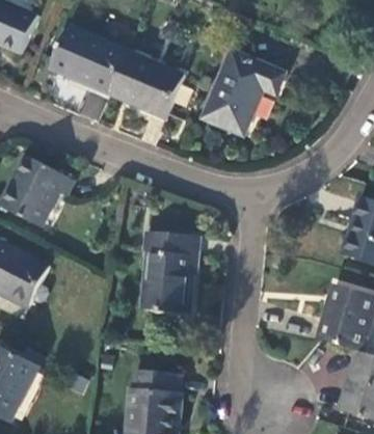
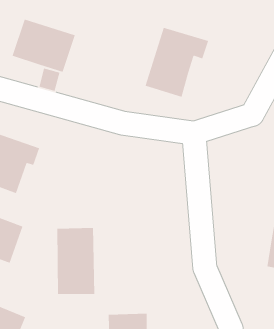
building: [109,52,186,119] -> none
building: [141,234,191,314] -> [57,227,95,295]

